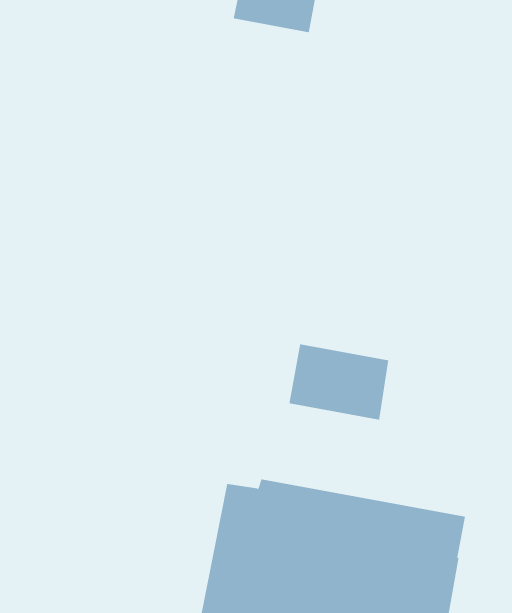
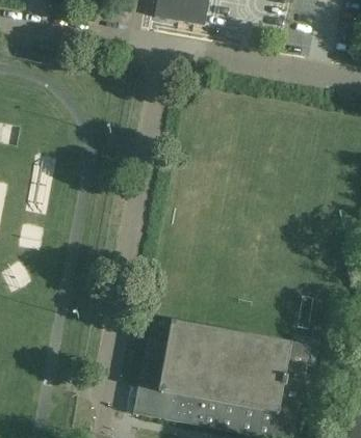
building: [289,344,389,421] -> none

